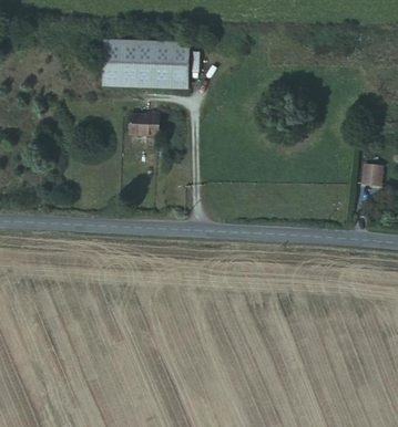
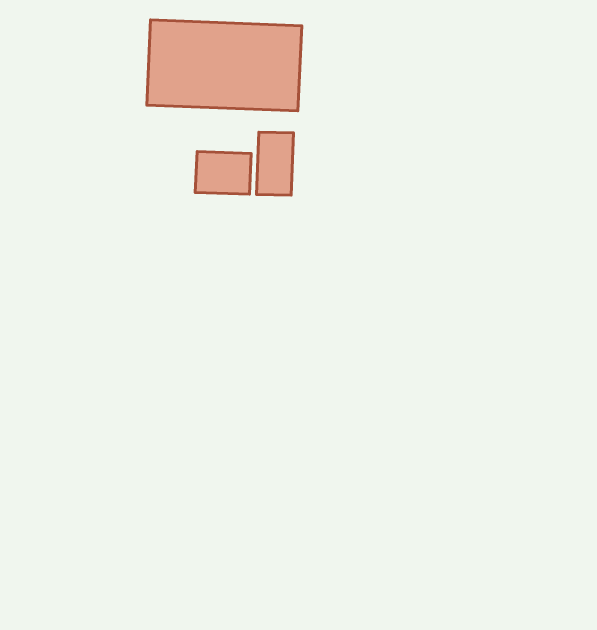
building: none -> [257,132,294,195]

